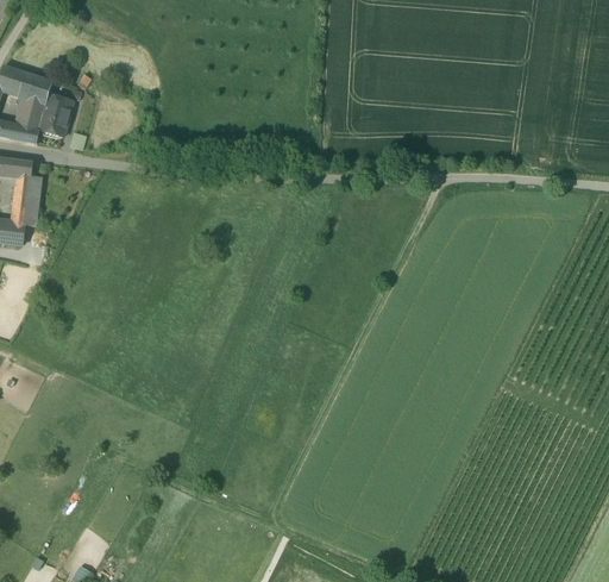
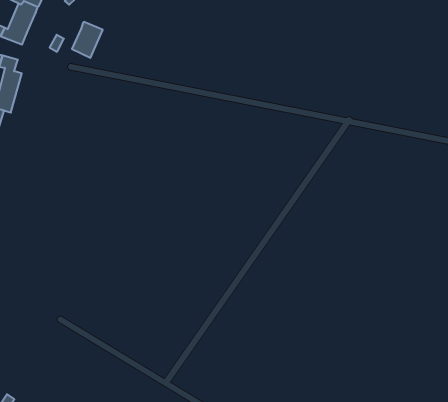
building: [38,93,71,134] -> [72,22,103,58]

